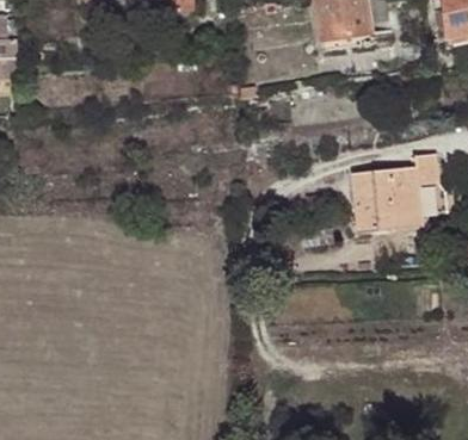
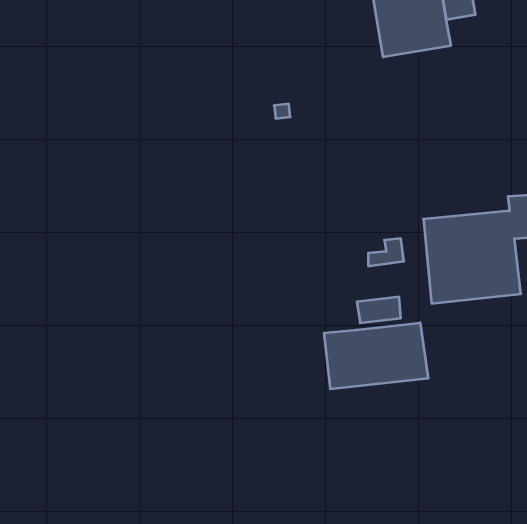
building: none -> [324,323,428,389]

